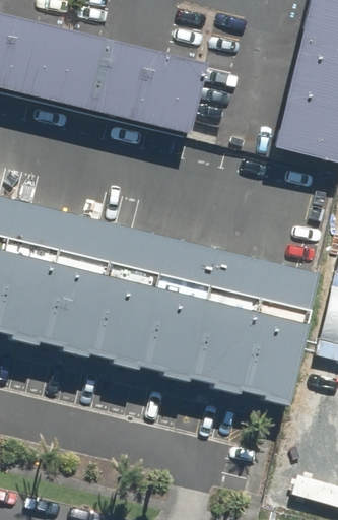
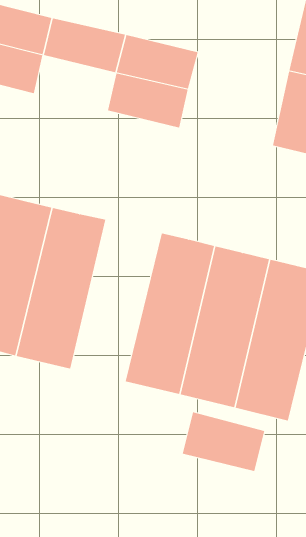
building: [55,68,130,119] -> none
building: [88,219,172,369] -> none
building: none -> [182,412,265,472]

